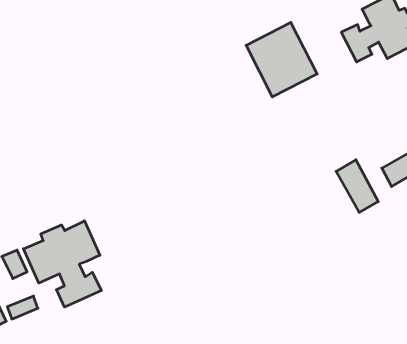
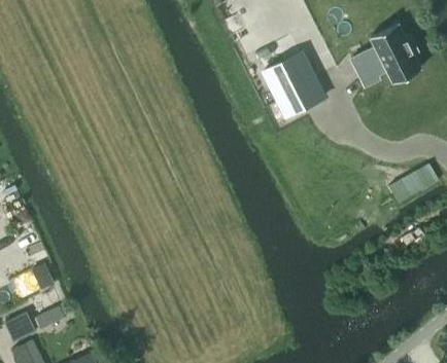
building: [336,160,378,212] -> none
building: [23,221,101,307] -> none

